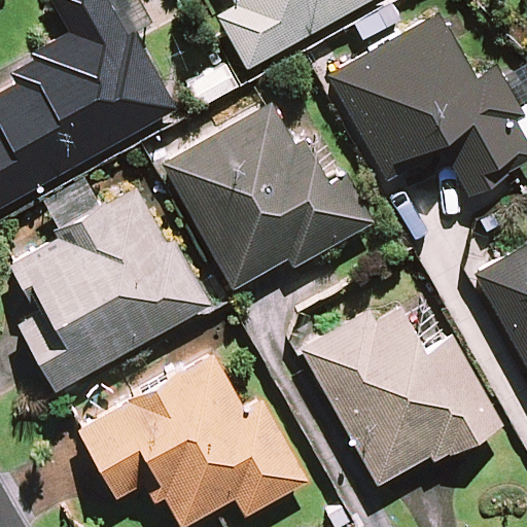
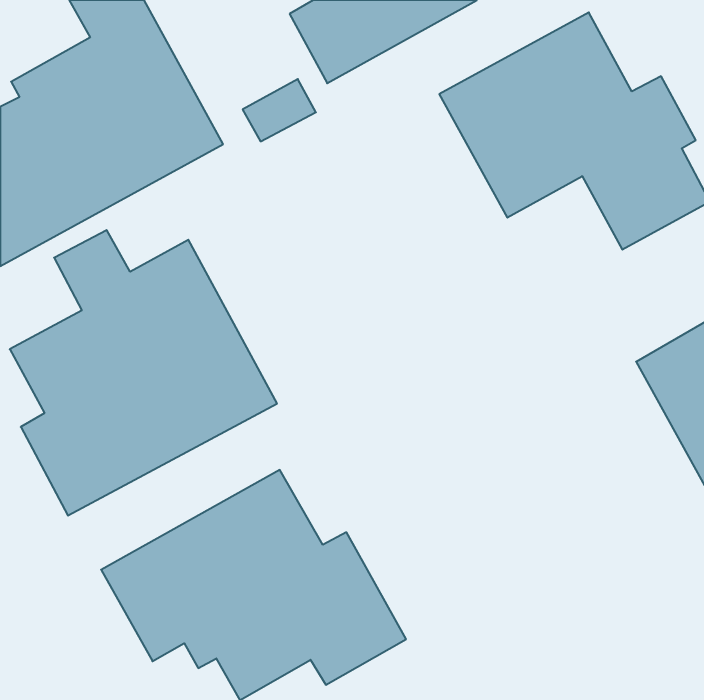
building: [165,106,372,288] -> none
building: [302,297,500,483] -> none

